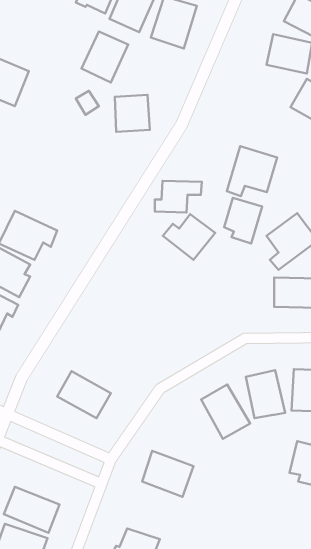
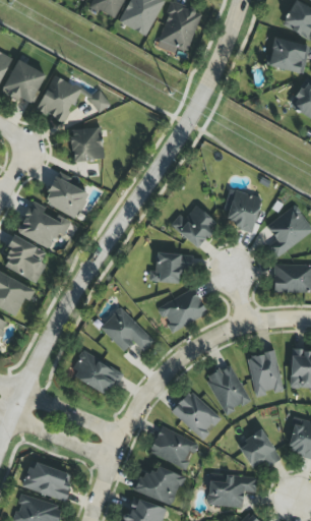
building: [81,31,128,83] -> [37,74,80,122]
building: [115,95,150,132] -> [71,126,104,161]
building: [227,146,277,196] -> none
building: [155,181,202,212] -> [149,252,193,282]
building: none -> [44,175,89,218]
building: none -> [157,287,207,332]
building: none -> [100,306,154,351]
building: none -> [171,389,222,439]
building: none -> [237,427,281,468]
building: none -> [132,465,183,505]
building: none -> [206,471,257,508]

